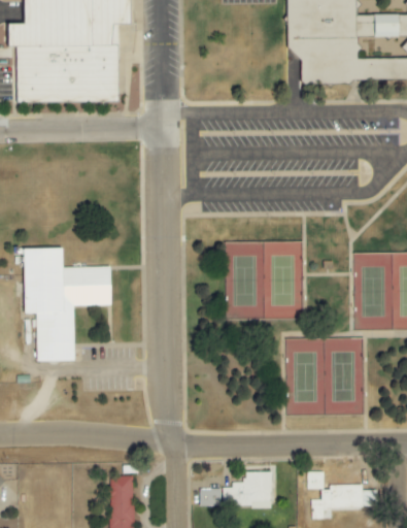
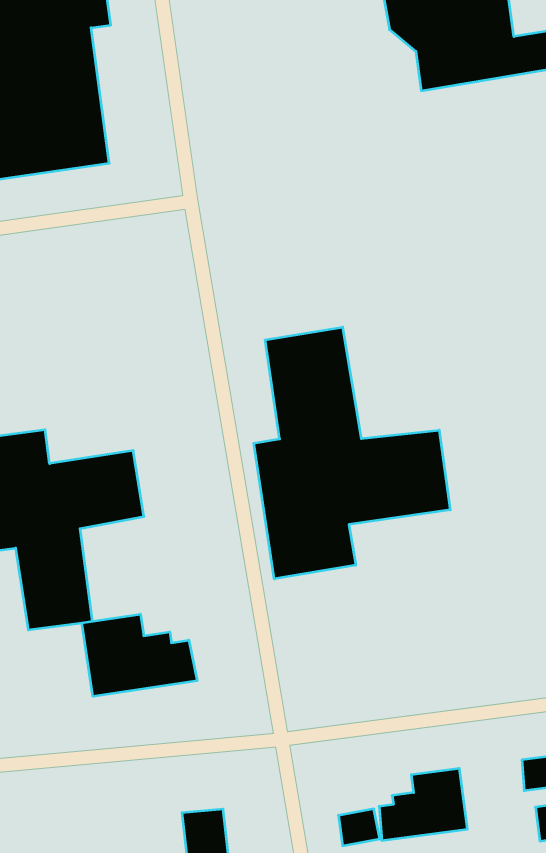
building: none -> [254,327,450,579]
building: none -> [82,614,197,696]

